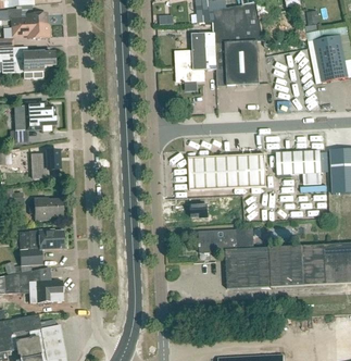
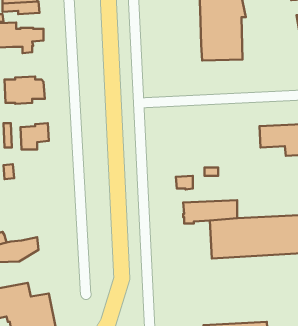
building: [175,33,216,80] -> none
building: [188,152,266,189] -> none
building: [28,197,62,220] -> none
building: [20,228,63,263] -> none
building: [29,279,63,302] -> none

